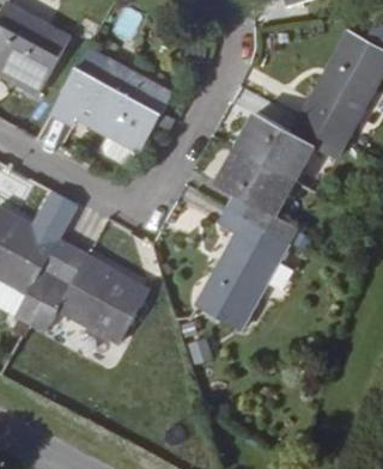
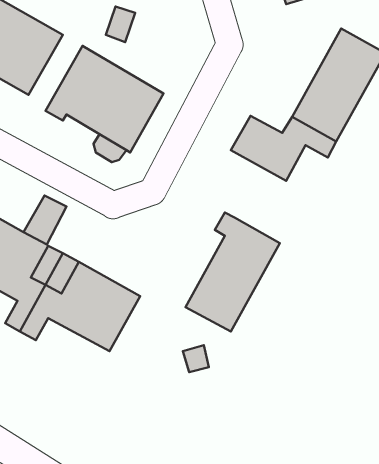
building: [218,147,293,238] -> none

